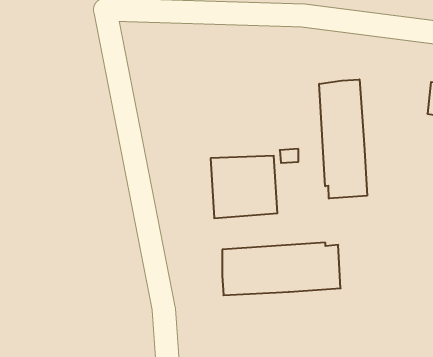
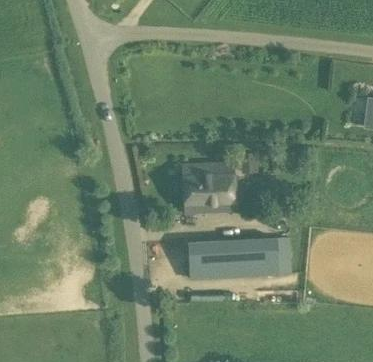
building: [319,79,367,199] -> none

